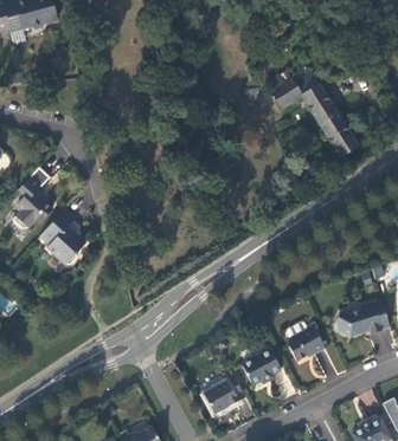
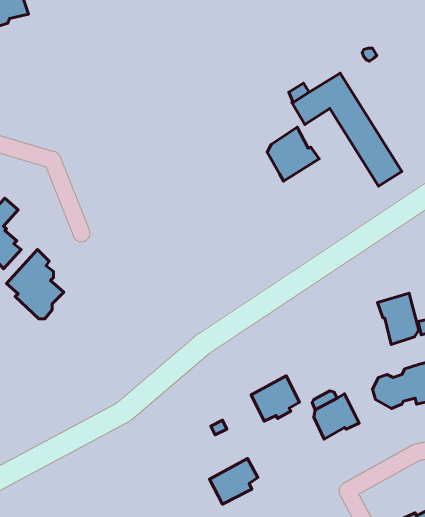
building: none -> [267,127,319,181]
building: none -> [378,293,419,344]
building: [242,349,281,385] -> [251,376,300,421]

